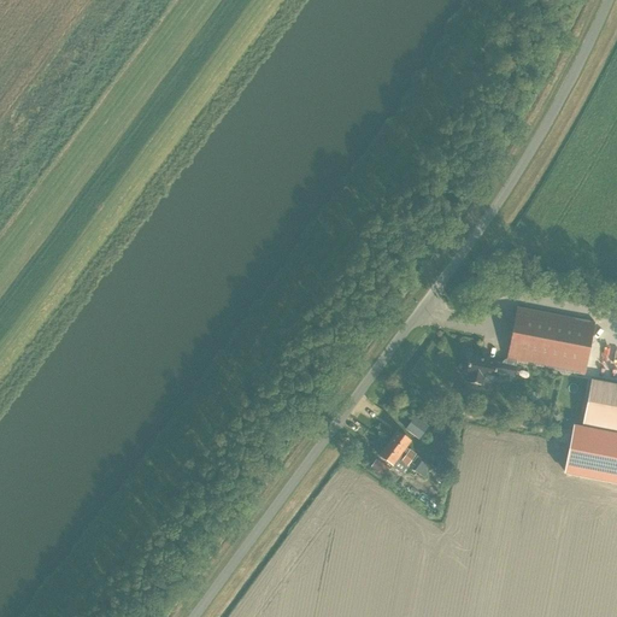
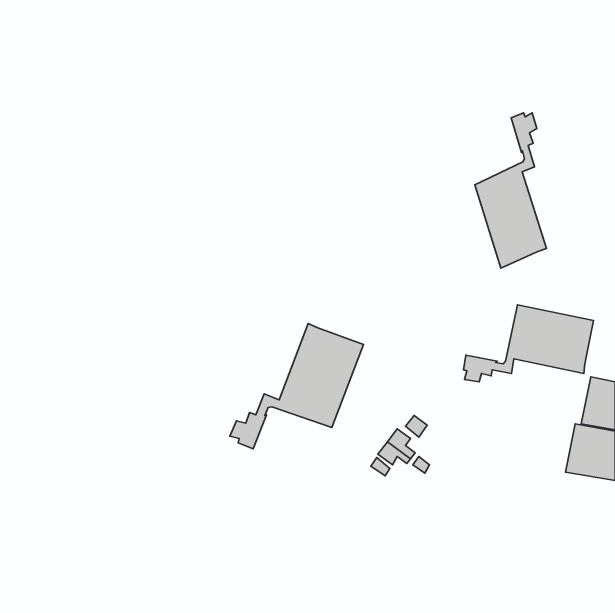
building: none -> [475,113,546,268]
building: none -> [230,324,363,449]

